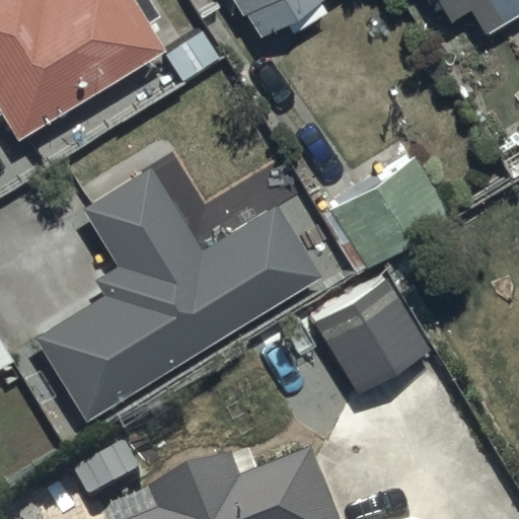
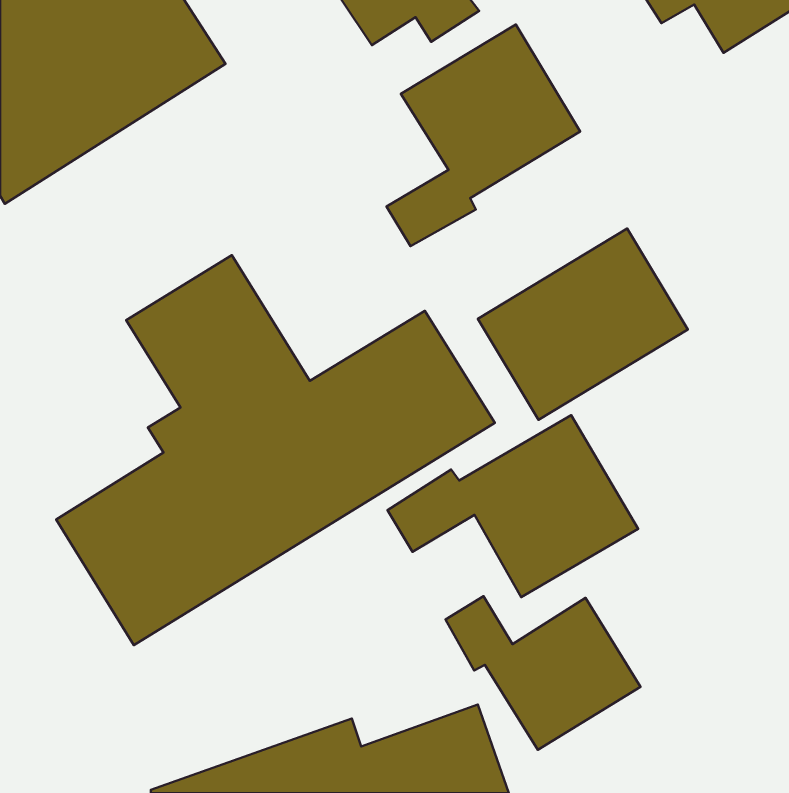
building: none -> [387,25,580,246]
building: none -> [445,596,640,750]

